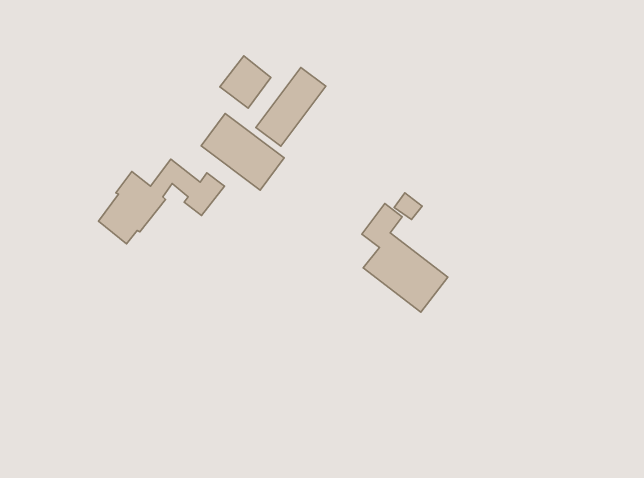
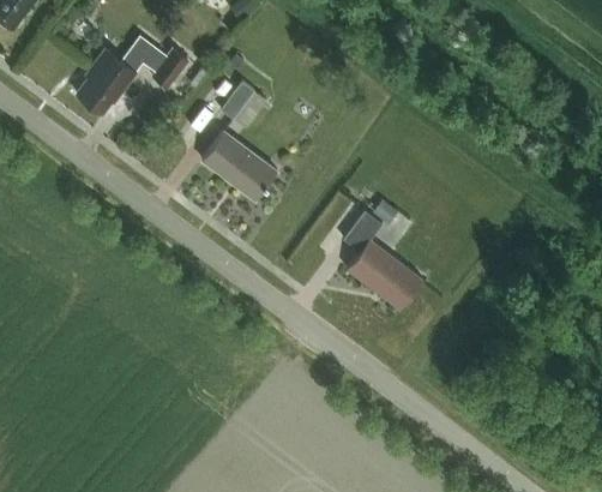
building: [256,68,326,146] -> none
building: [98,159,224,244] -> [77,37,189,113]

